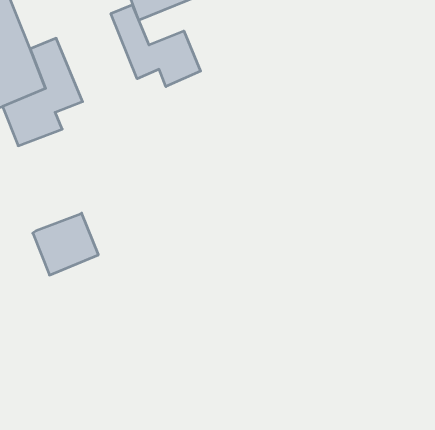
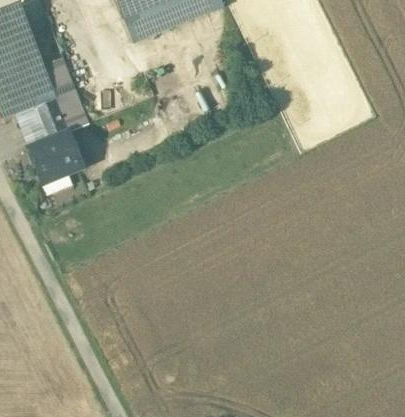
building: [111,5,201,87] -> none
building: [33,213,98,275] -> [28,130,83,182]

